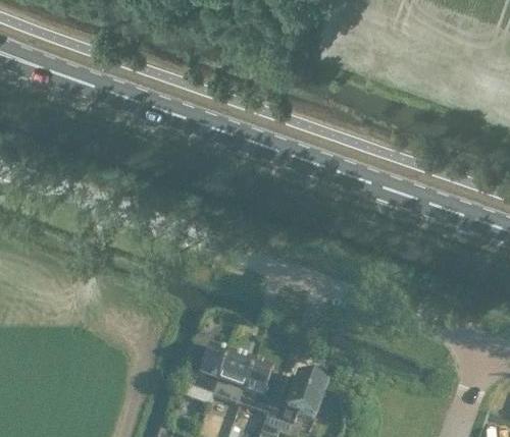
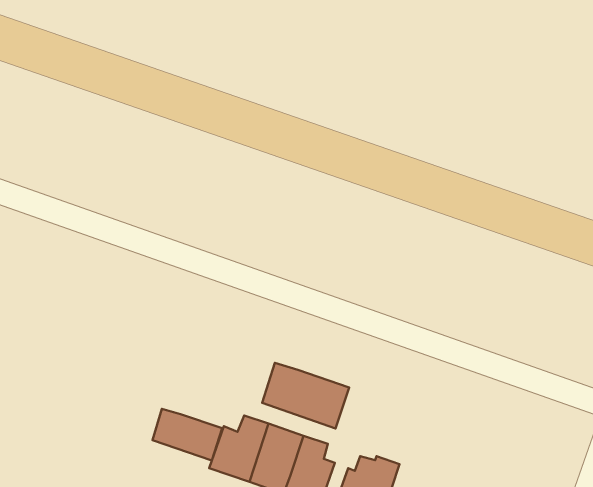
building: none -> [262,363,349,429]
building: none -> [152,409,222,460]

